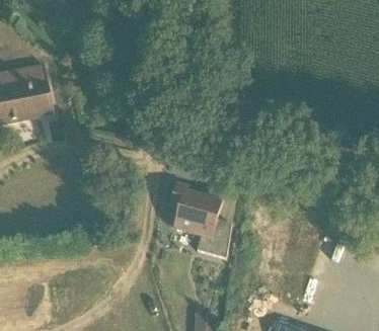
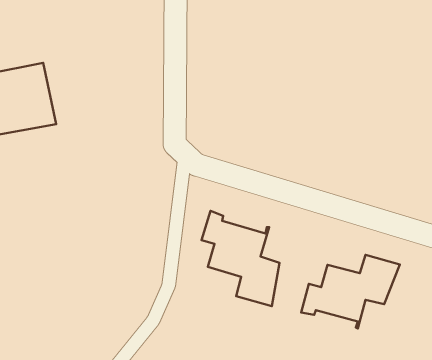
building: none -> [301,255,400,329]

